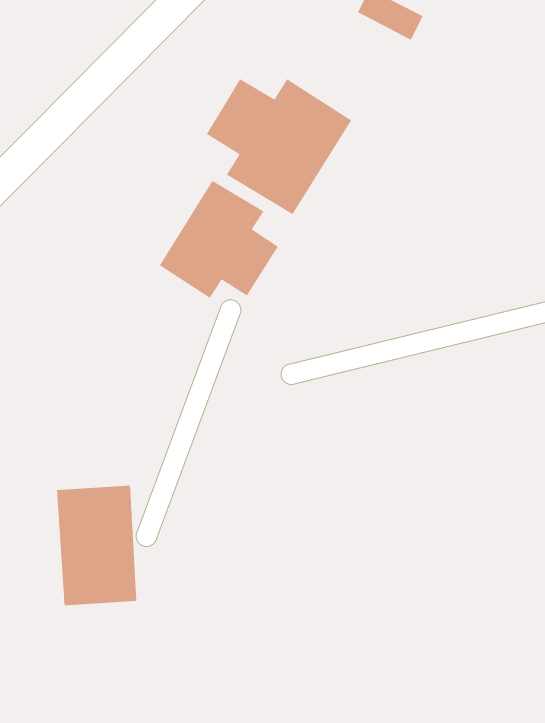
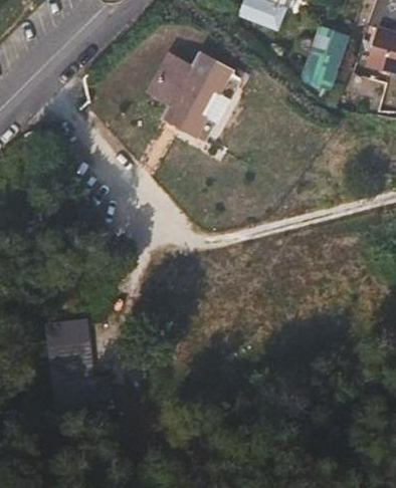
building: none -> [299,23,350,89]
building: [159,180,279,299] -> none

